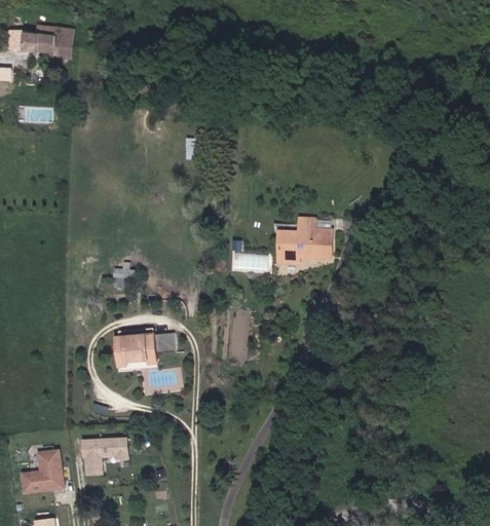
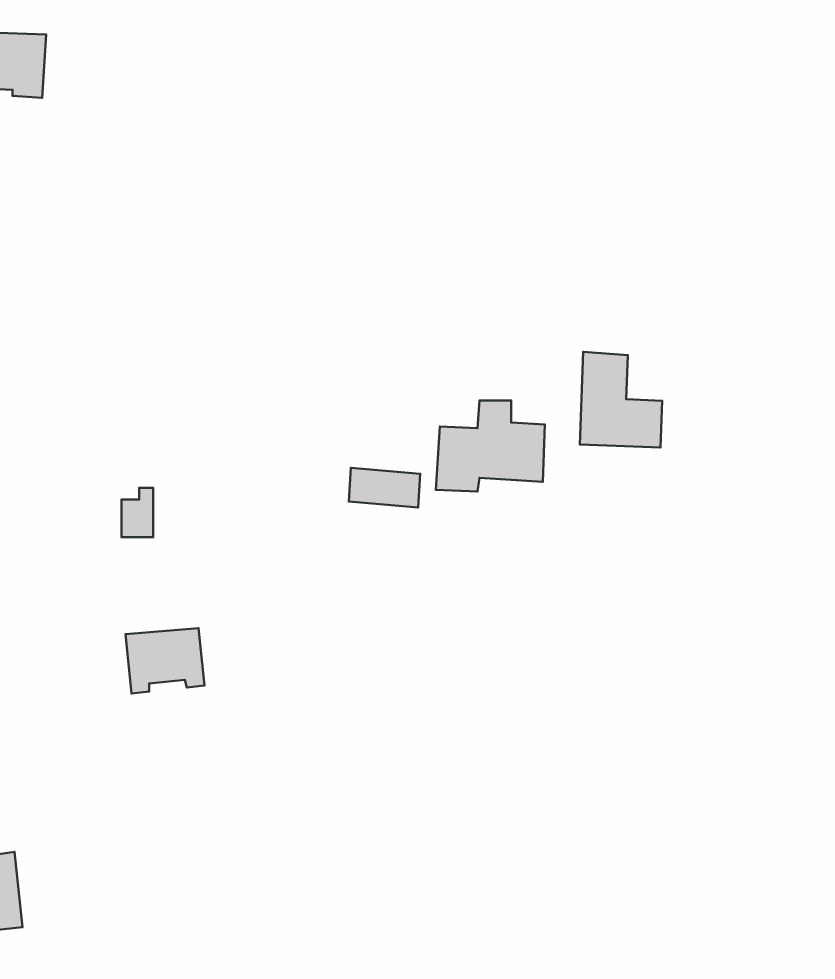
building: none -> [580,352,662,447]
building: [154,332,176,351] -> none
building: [81,439,126,476] -> none

